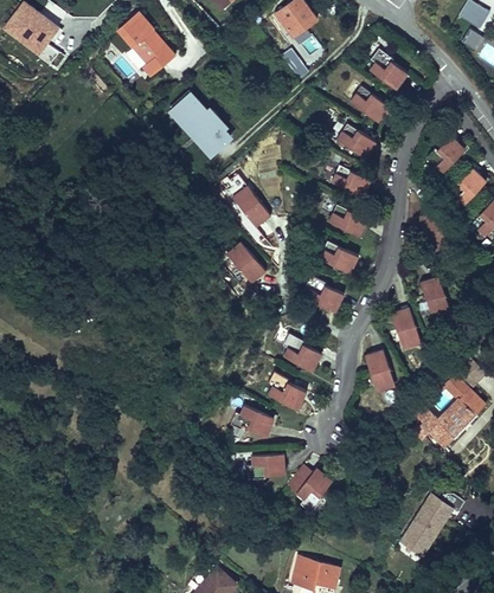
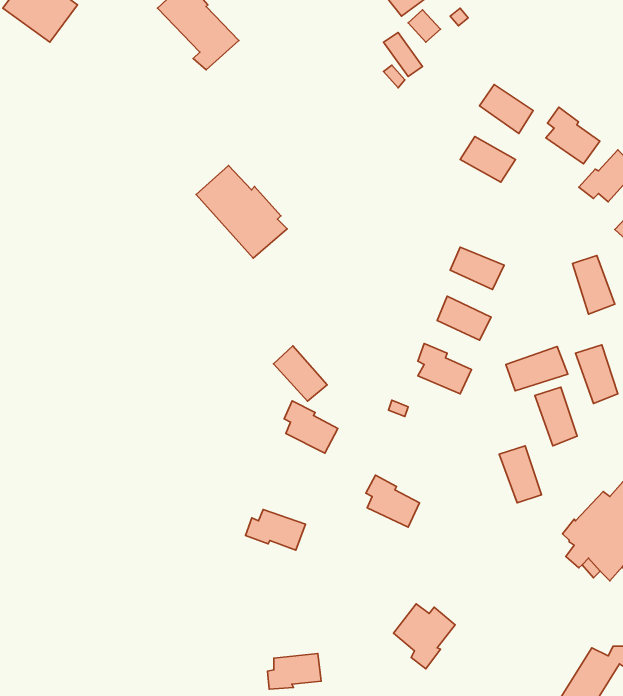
building: [370,49,409,90] -> [546,107,600,164]
building: [168,89,235,156] -> [196,165,287,258]
building: [332,167,371,198] -> none
building: [232,187,271,230] -> none
building: [226,244,265,284] -> [273,346,327,401]
building: none -> [506,346,568,391]
building: [283,334,322,372] -> [284,401,338,453]
building: [231,407,275,437] -> [245,510,306,550]
building: [248,453,287,479] -> [267,653,321,689]

